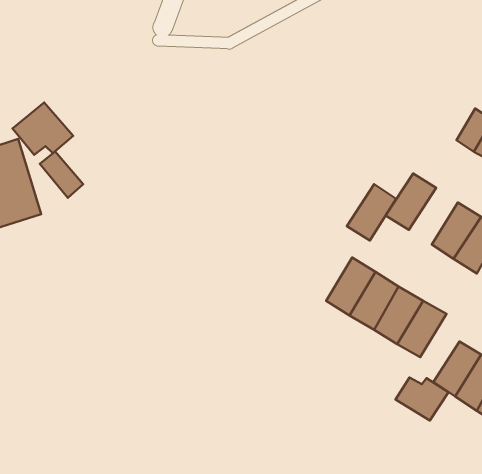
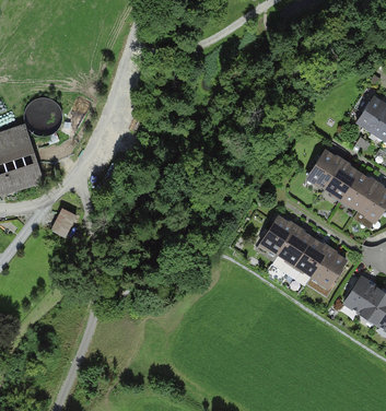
building: [40,151,83,198] -> none
building: [347,184,396,241] -> [320,160,358,202]
building: none -> [48,208,77,242]
building: [396,377,449,421] -> none

